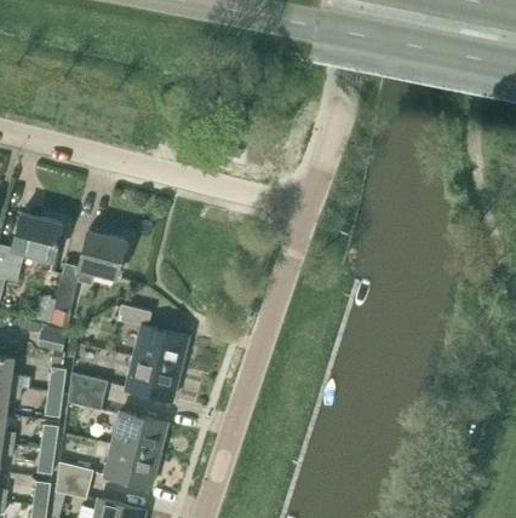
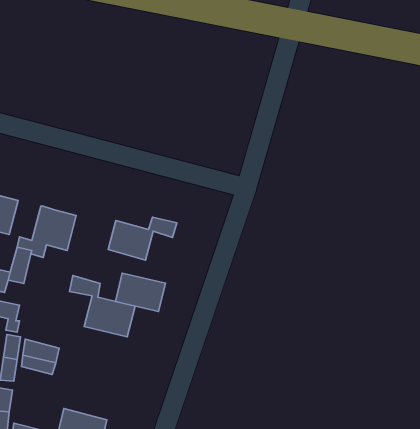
building: none -> [108,217,177,260]
building: [126,358,179,399] -> [115,273,165,312]
building: [111,413,166,457] -> none

